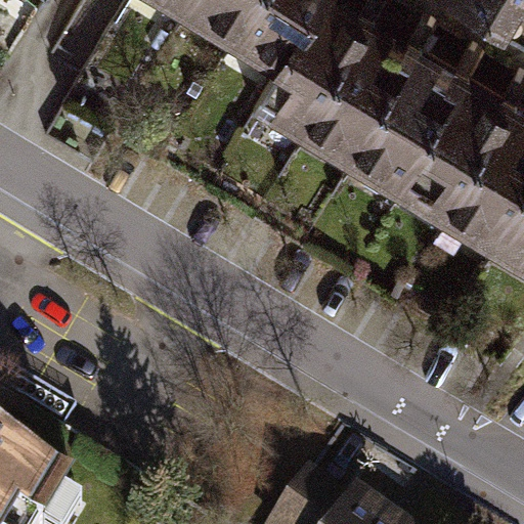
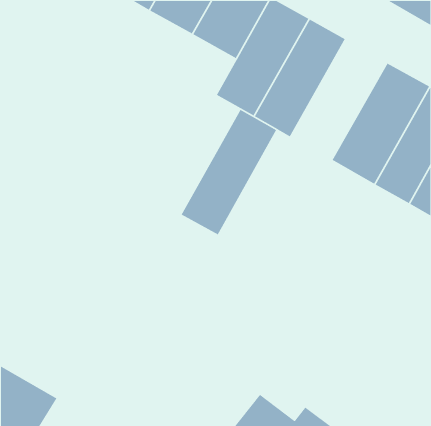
building: [352,53,470,201] -> none
building: none -> [180,109,277,236]

